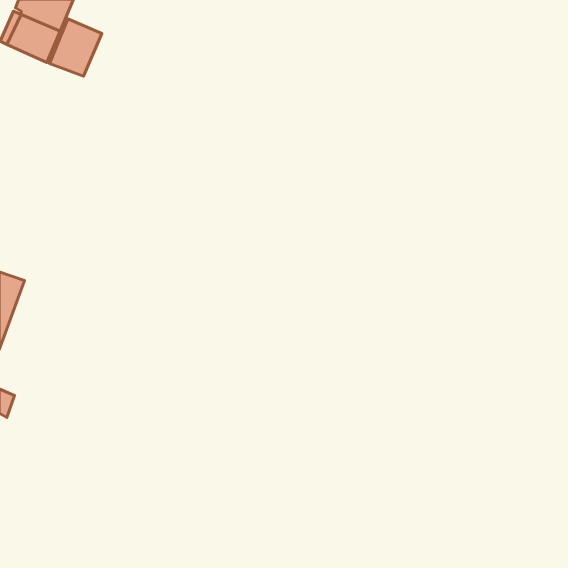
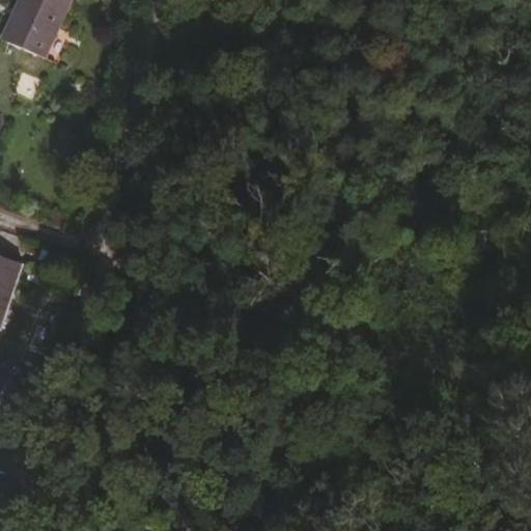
building: [49,19,102,76] -> none

